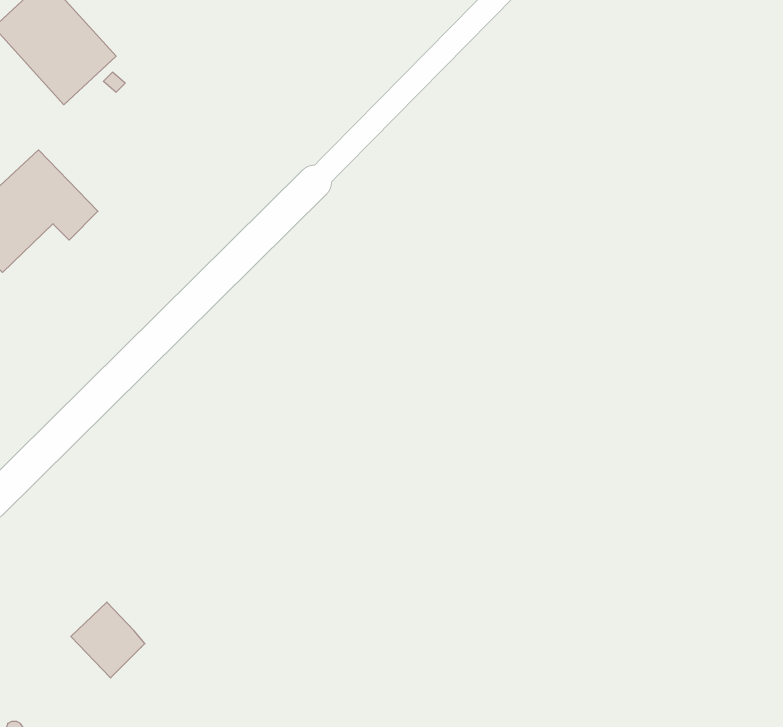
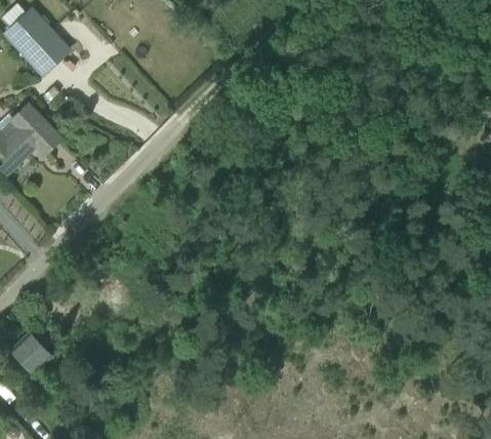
building: [71,602,145,678] -> [10,330,52,373]

